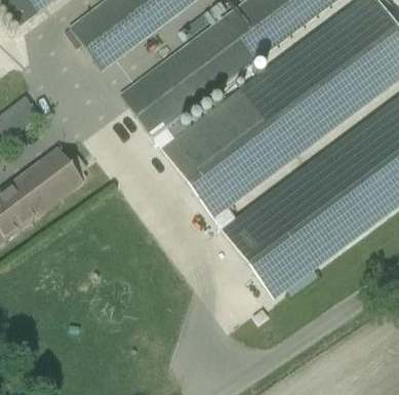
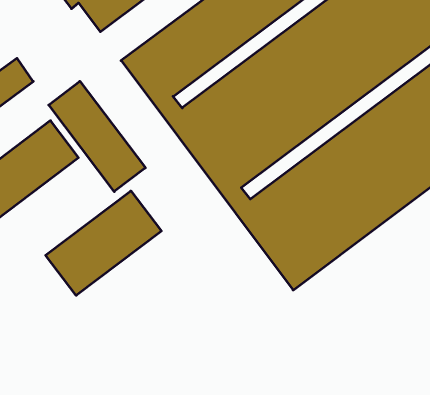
building: none -> [49,81,145,192]
building: none -> [46,191,161,295]

